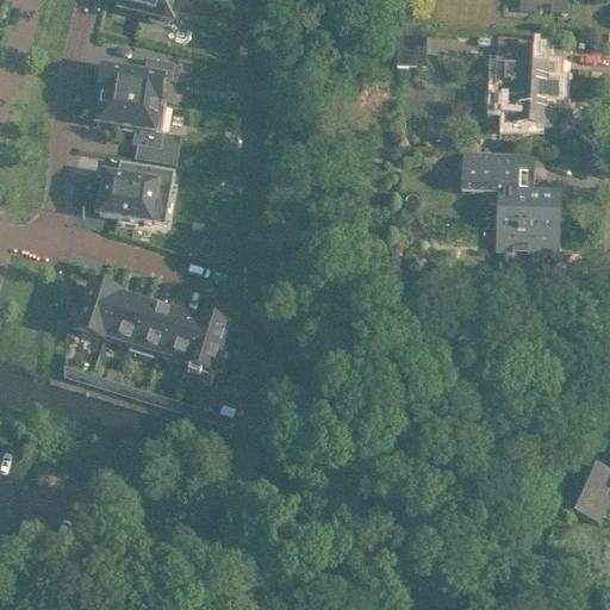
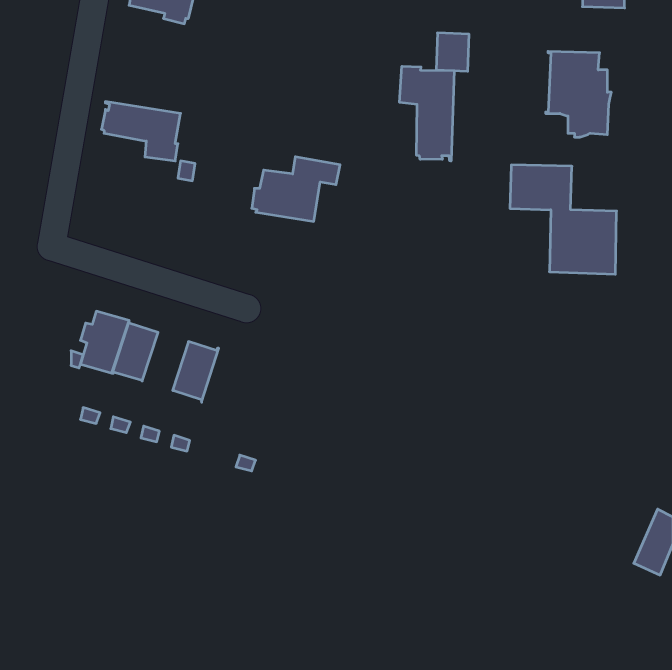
building: [95,56,173,102] -> none
building: none -> [400,66,454,161]
building: [94,161,174,219] -> [252,157,340,221]
building: [127,300,172,359] -> none
building: [183,315,228,372] -> none

